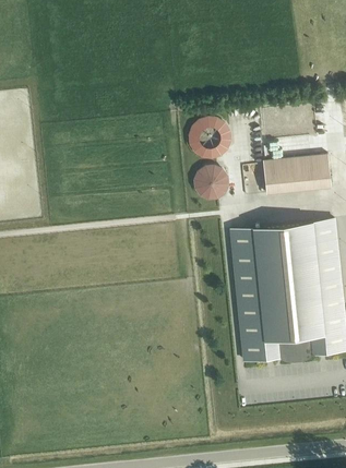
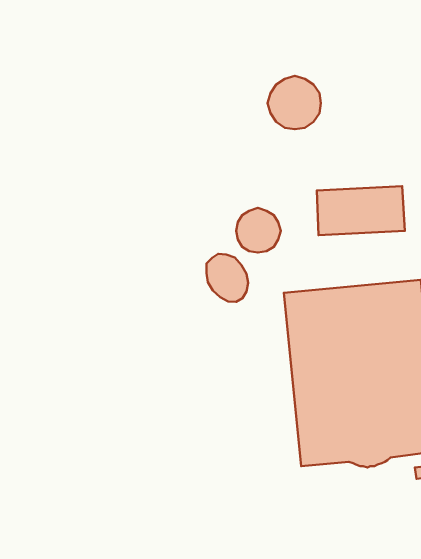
building: [189,118,229,158] -> [267,76,321,129]
building: none -> [206,254,248,302]

